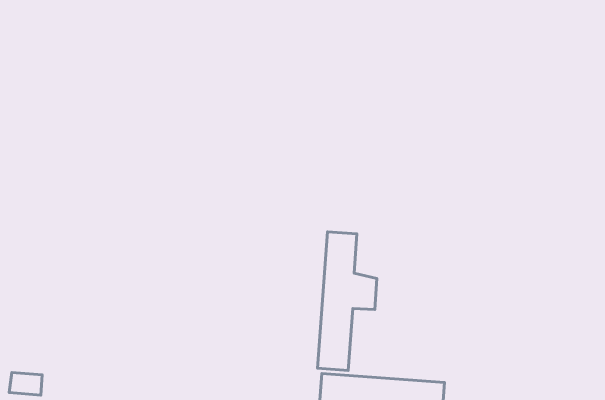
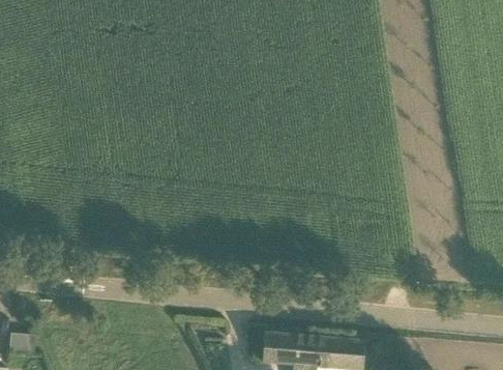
building: [318,232,377,370] -> none

